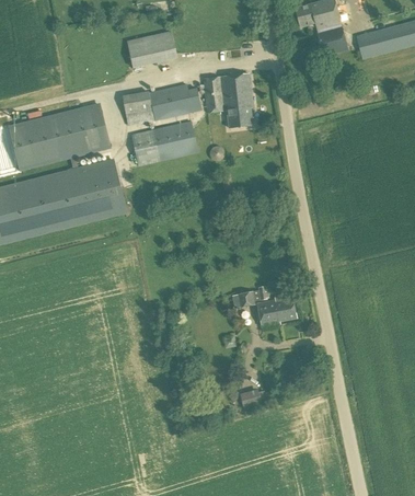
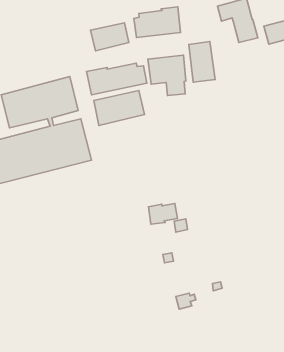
building: none -> [134,7,181,38]
building: none -> [189,41,215,82]
building: [256,299,295,326] -> [148,204,177,224]

